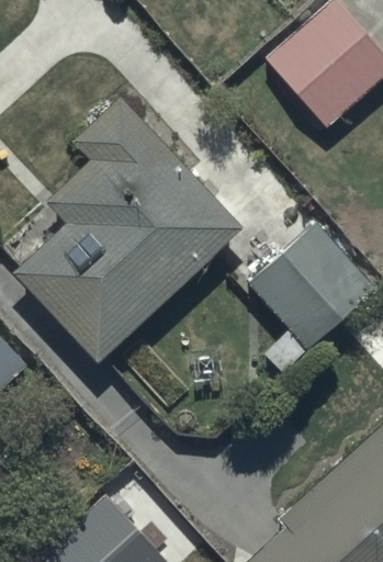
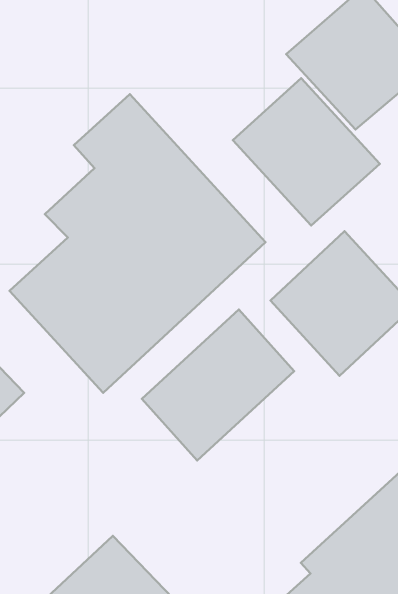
building: none -> [233,78,380,226]
building: none -> [142,310,294,460]

